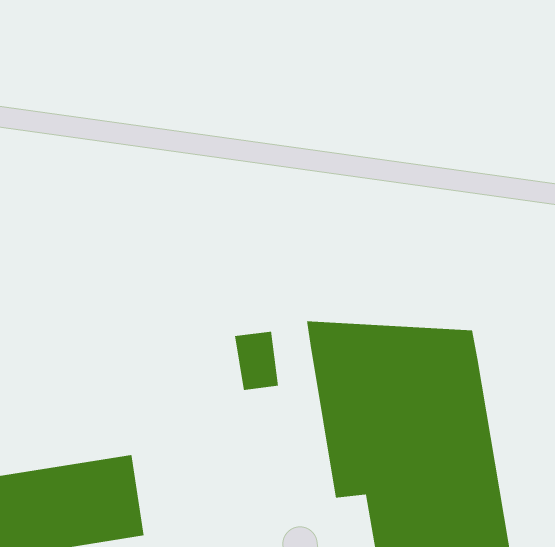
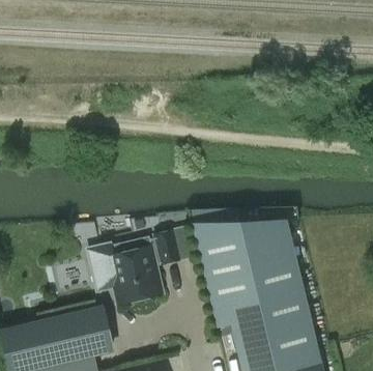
building: none -> [91,238,159,303]

